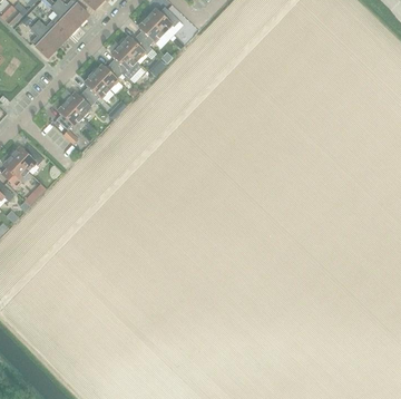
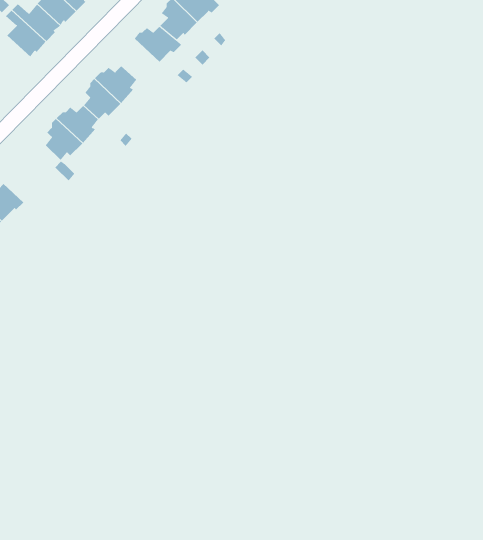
building: [110,43,141,79] -> none

